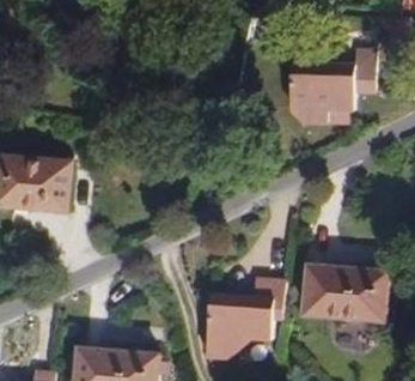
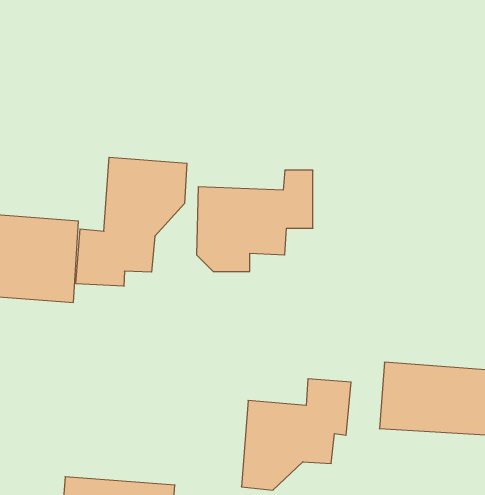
building: [291,49,374,122] -> [197,170,313,271]
building: none -> [76,157,187,286]

